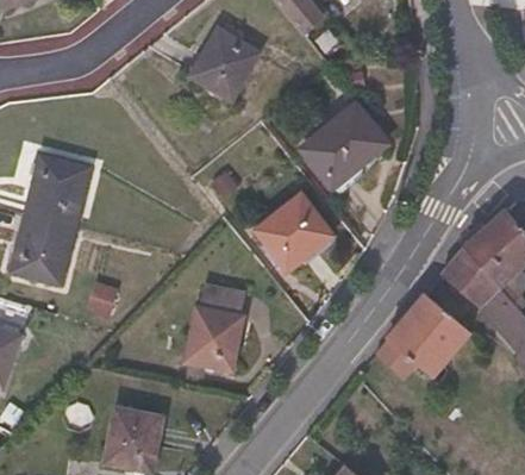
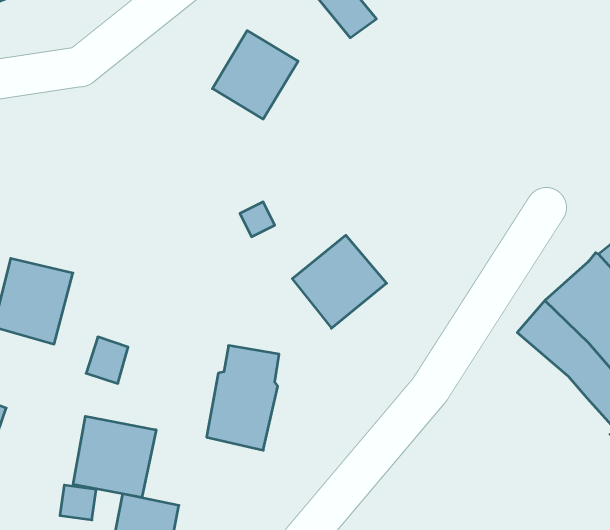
building: [301,105,386,188] -> none
building: [24,154,89,226] -> none
building: [374,293,469,380] -> none
building: none -> [73,416,156,497]

